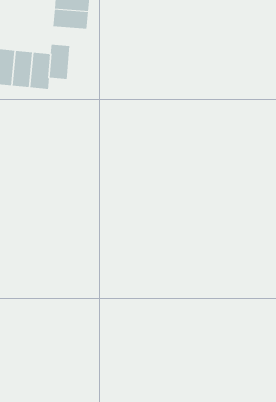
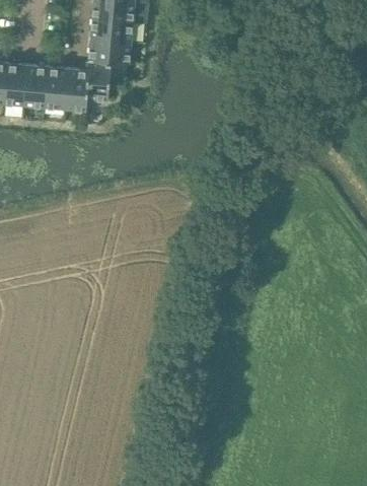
building: none -> [87,38,129,62]

